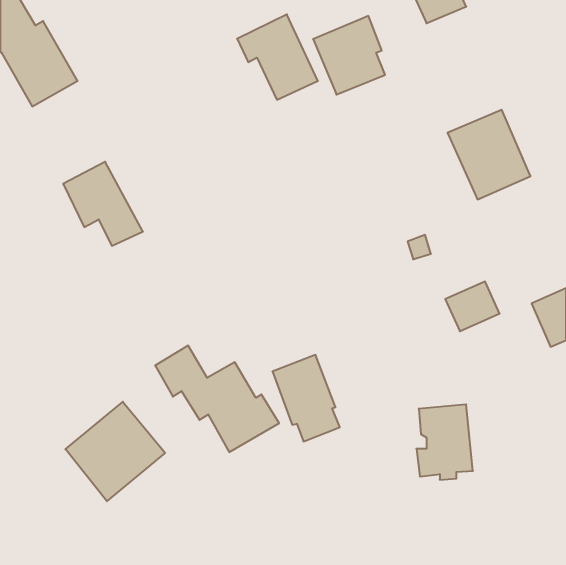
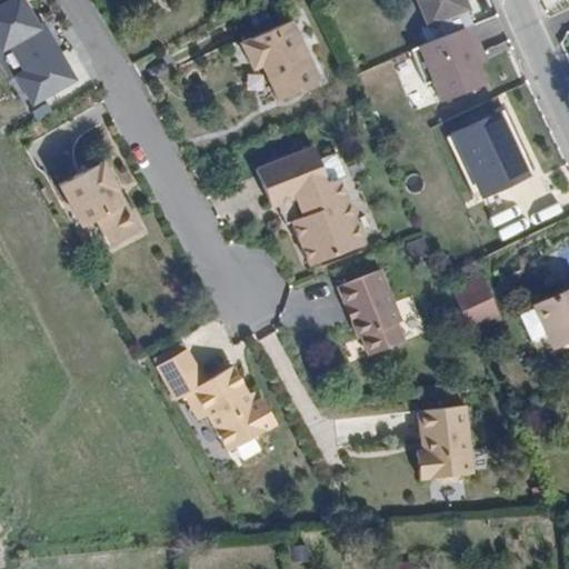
building: [313,16,385,95] -> [418,23,490,102]
building: none -> [258,147,369,267]
building: [272,355,340,441] -> [337,267,405,353]
building: [65,402,165,501] -> none

